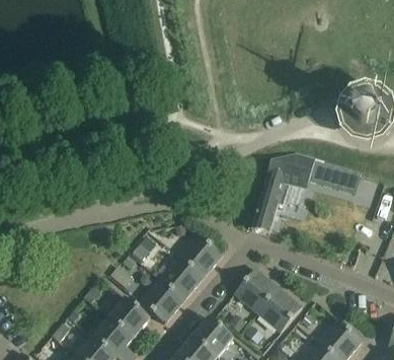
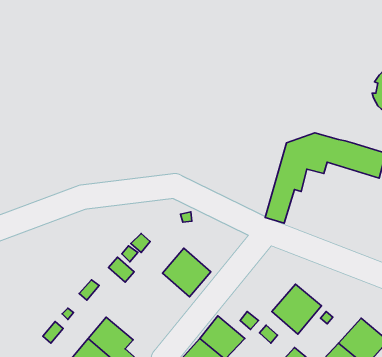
building: [178,234,222,279] -> none
building: [234,271,279,314] -> none
building: [140,280,183,325] -> none
building: [108,299,149,340] -> none

